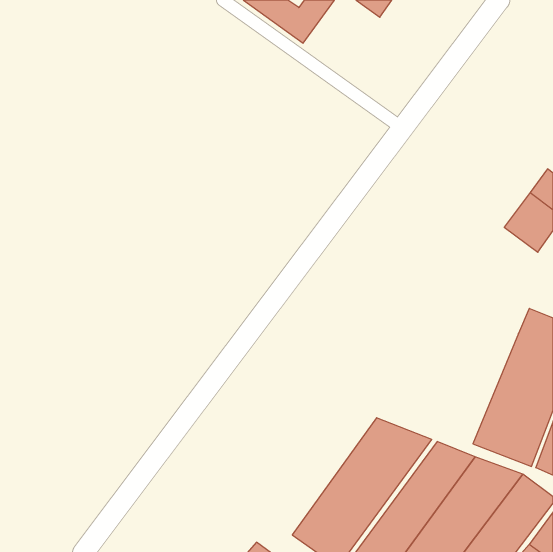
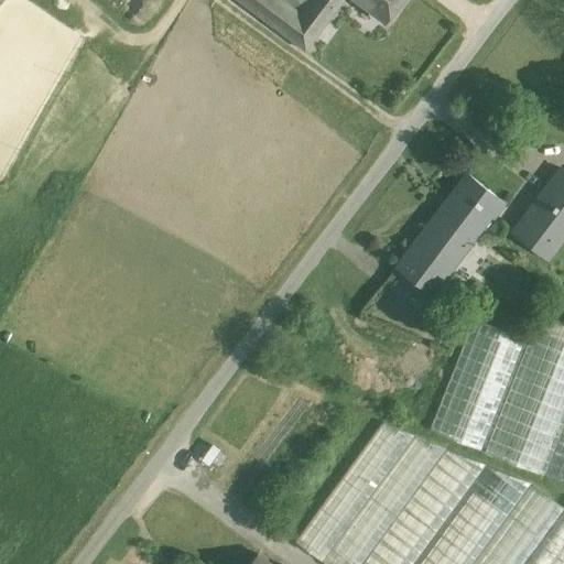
building: none -> [398,180,500,295]
building: none -> [431,318,528,453]

